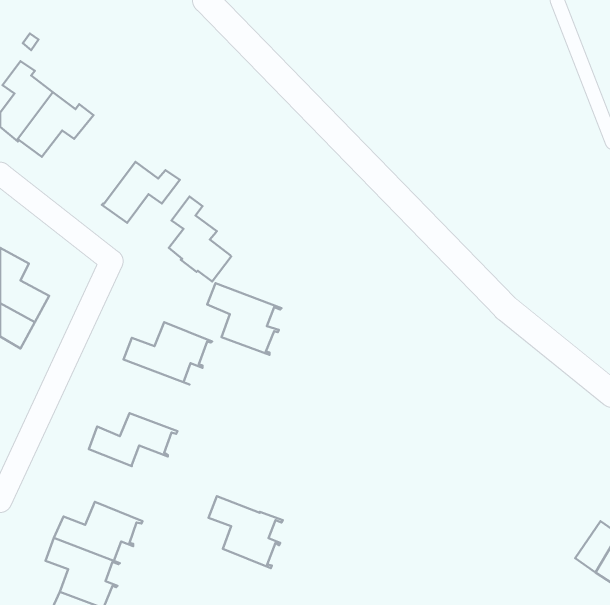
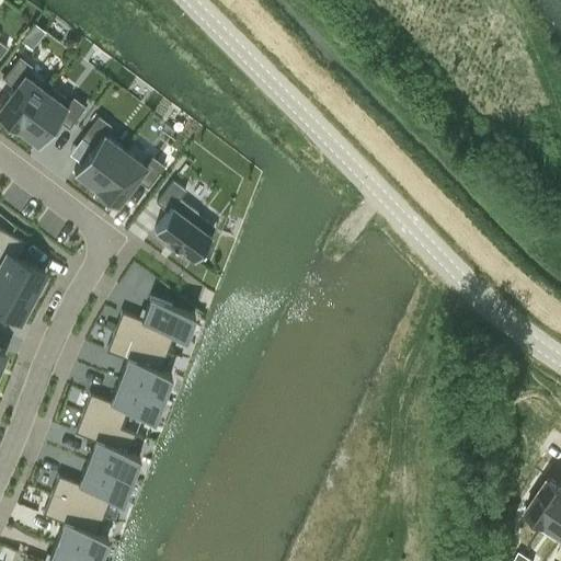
building: none -> [76,122,126,193]
building: [207,283,281,355] -> [107,335,175,401]
building: [208,496,283,568] -> [76,417,144,483]

